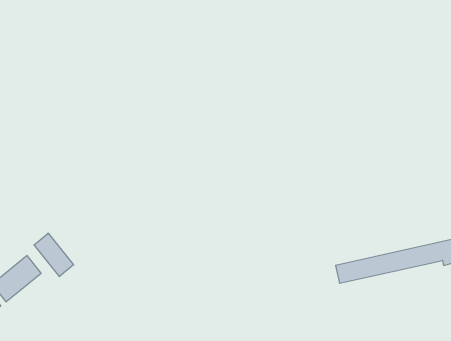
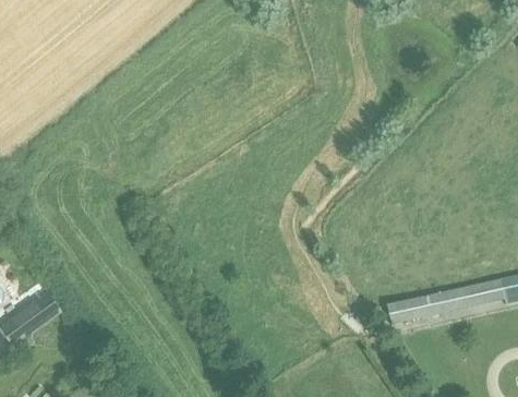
building: [34,233,74,277] -> none

